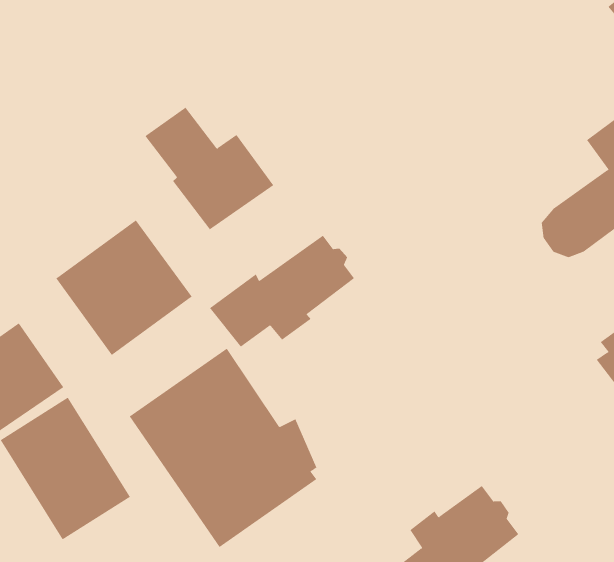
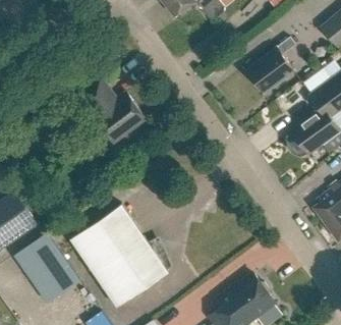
building: none -> [245,38,294,94]
building: [55,220,192,356] -> none
building: [209,235,355,347] -> none

